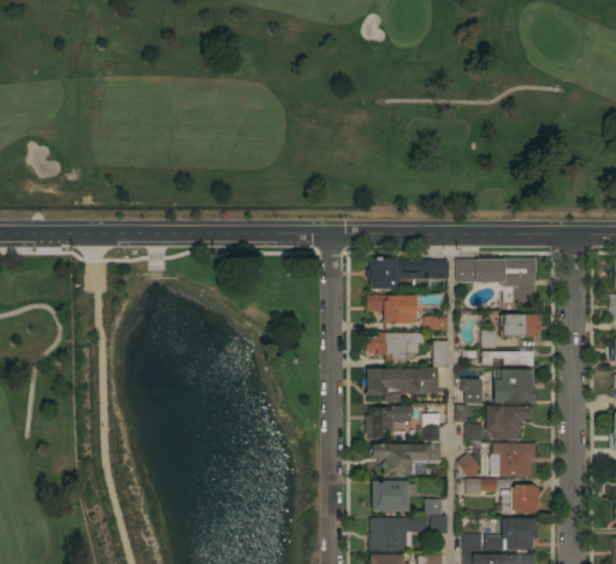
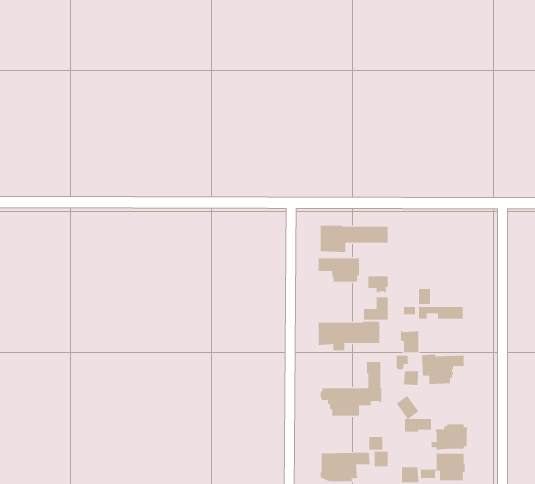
building: [456,260,535,305] -> none
building: [500,314,541,339] -> none
building: [367,332,410,360] -> none
building: [493,369,535,403] -> none
building: [366,406,413,438] -> none
building: [488,444,535,477] -> none
building: [371,481,416,511] -> none

